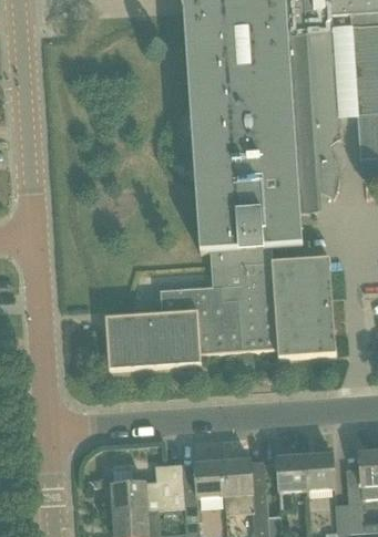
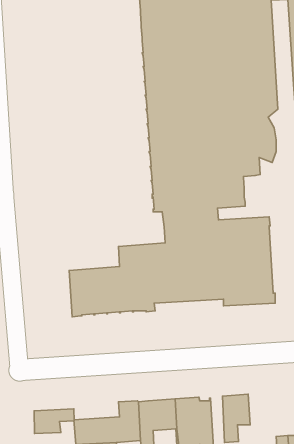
building: [305,453,334,489] -> none
building: none -> [34,409,74,433]

